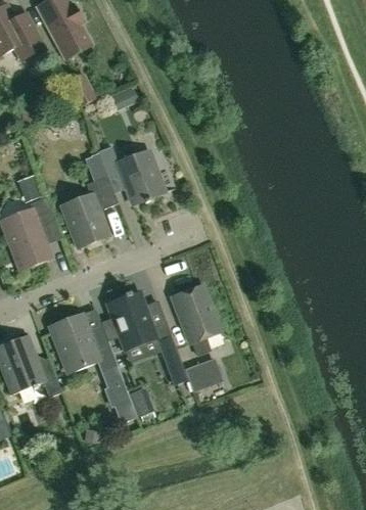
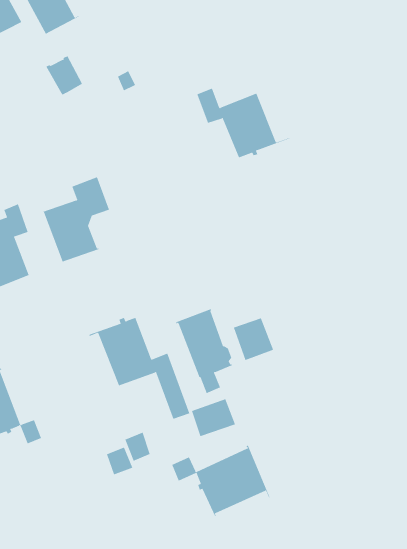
building: [98,145,176,203] -> [196,88,290,158]
building: none -> [233,317,274,361]
building: [50,313,123,387] -> none
building: none -> [172,445,270,517]

